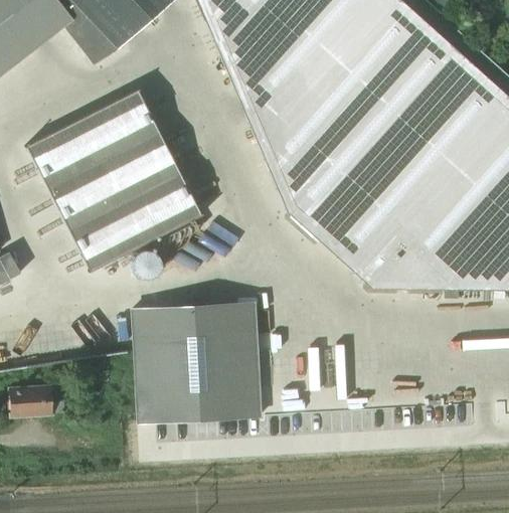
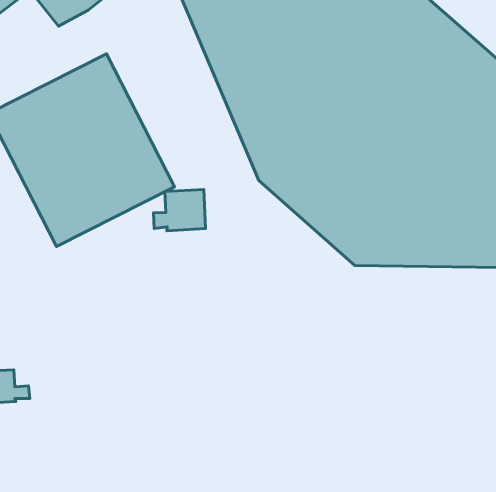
building: none -> [154,189,205,231]
building: [132,300,263,421] -> none

